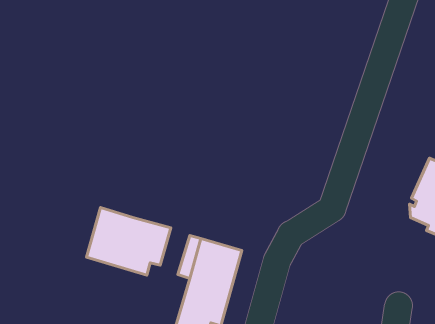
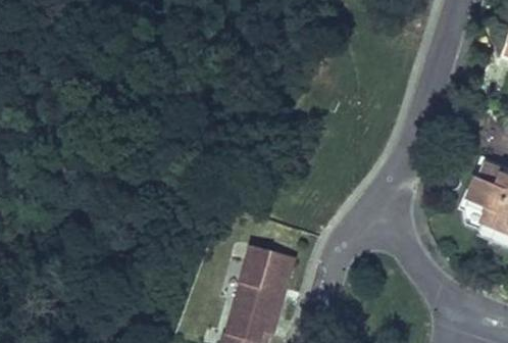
building: [87,208,171,275] -> none

